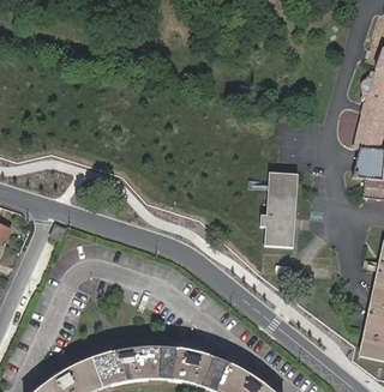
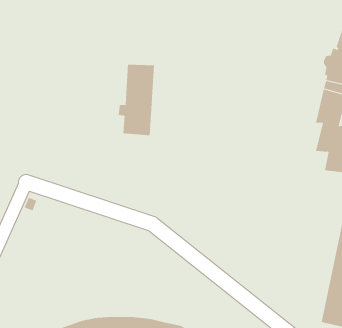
building: [260,173,299,247] -> [118,64,155,136]

